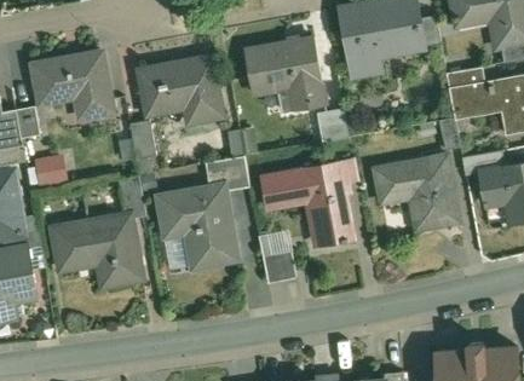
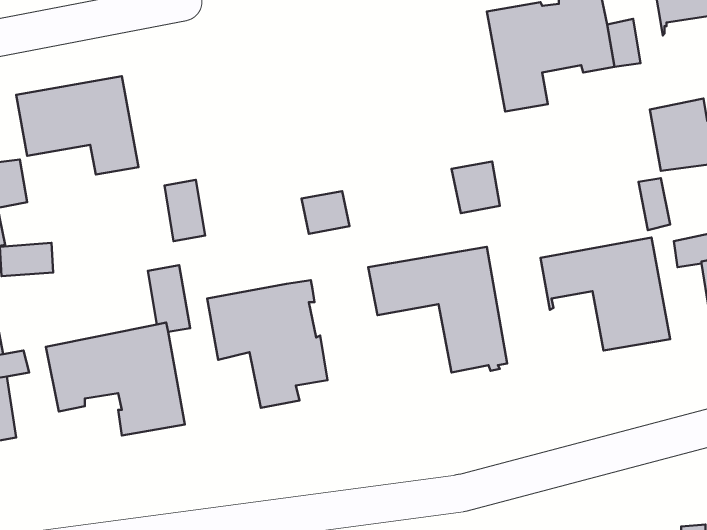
building: [243,36,323,108] -> none
building: [139,56,221,120] -> none
building: [203,155,248,190] -> none
building: [260,249,295,283] -> none

